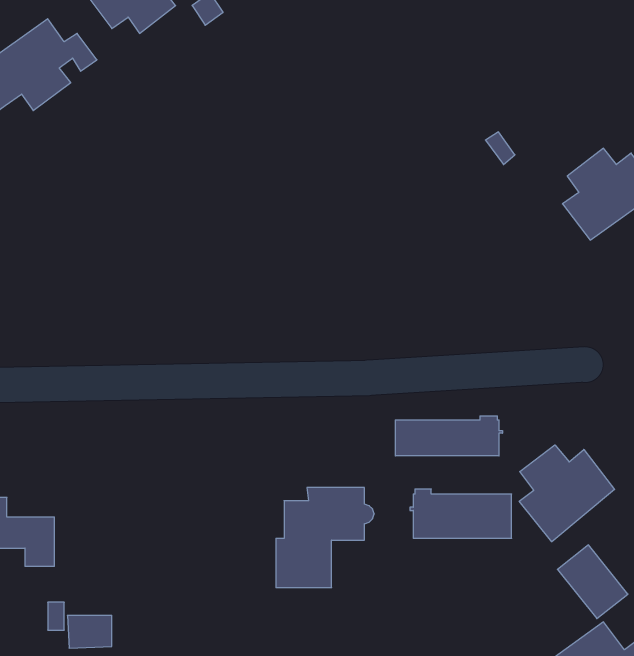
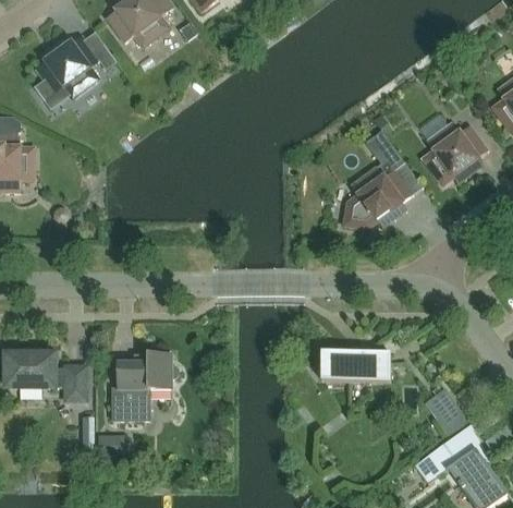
building: none -> [345,130,422,227]
building: [395,416,502,456] -> none
building: [519,445,615,542] -> none
building: [276,488,374,588] -> [112,353,178,420]

